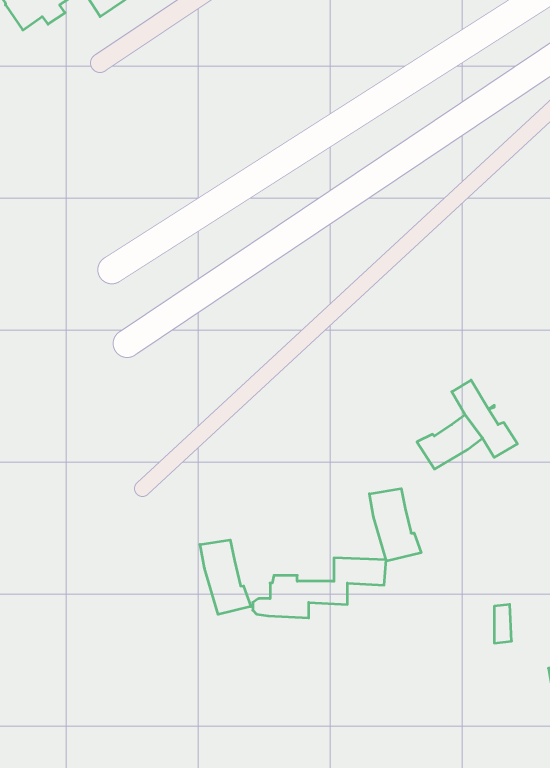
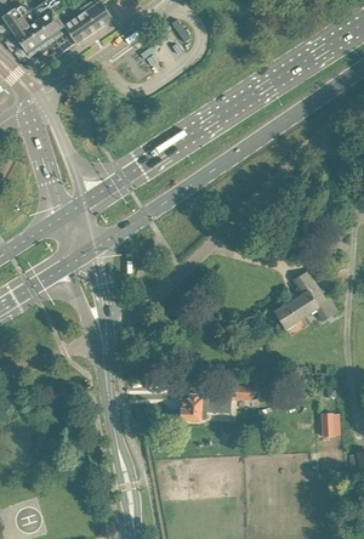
building: [369,489,421,561] -> none
building: [200,540,251,614] -> none

